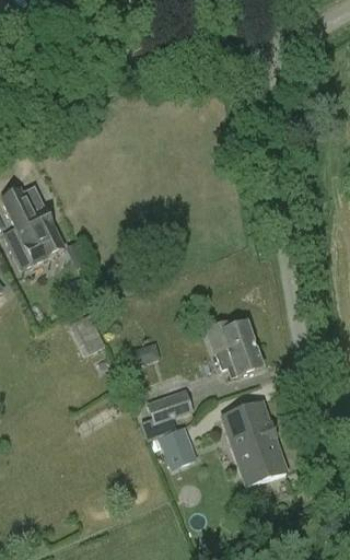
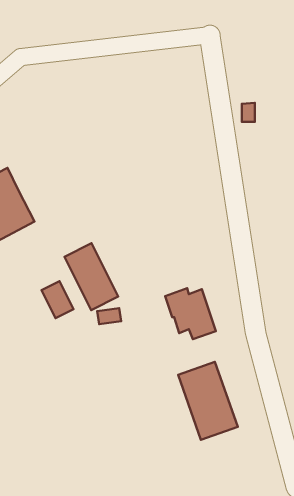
building: none -> [64,243,118,310]
building: [148,386,195,455] -> none

